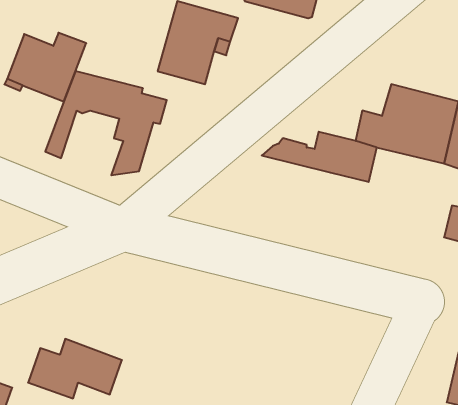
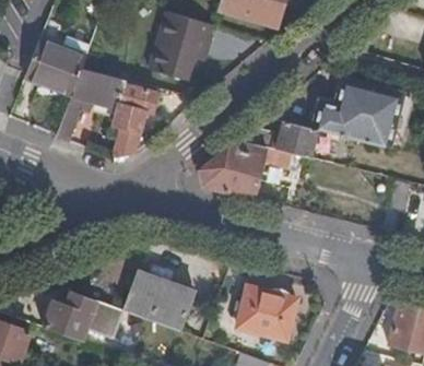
building: none -> [200,140,293,199]
building: none -> [123,270,195,330]
building: none -> [236,286,295,339]

